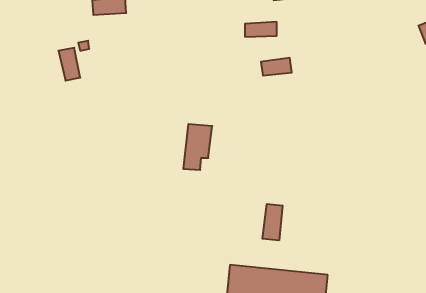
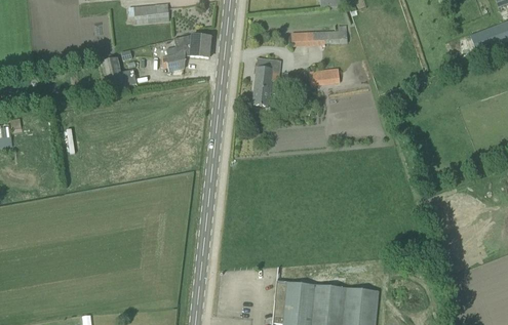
building: none -> [165,34,211,71]
building: [183,124,212,170] -> [252,57,282,105]
building: [262,204,282,240] -> none

